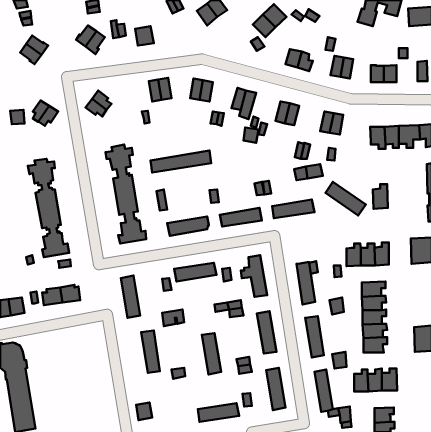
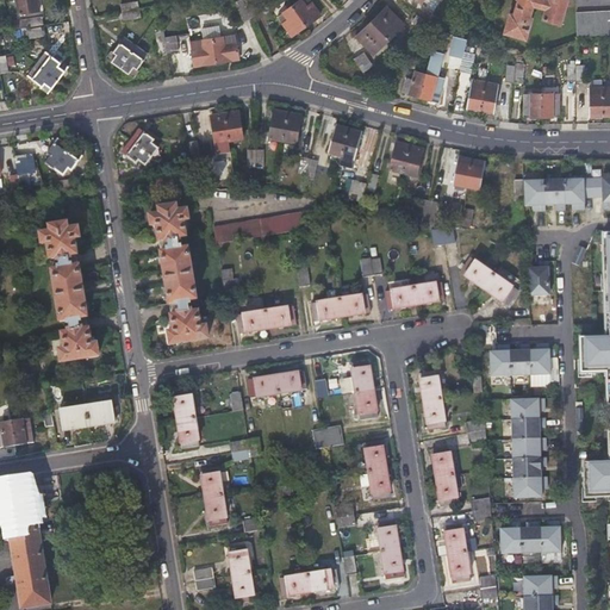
building: none -> [213,33,239,61]
building: [202,333,221,375] -> [228,544,255,603]

